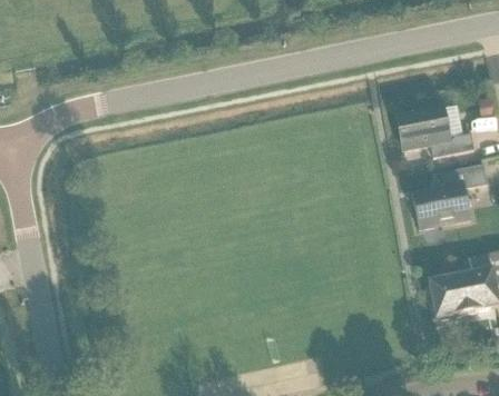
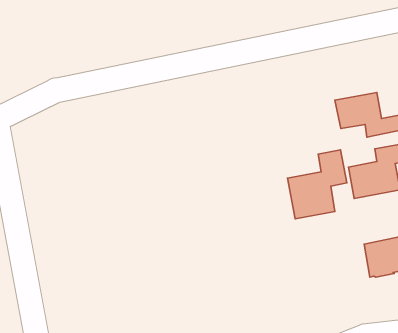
building: none -> [288,150,347,219]

